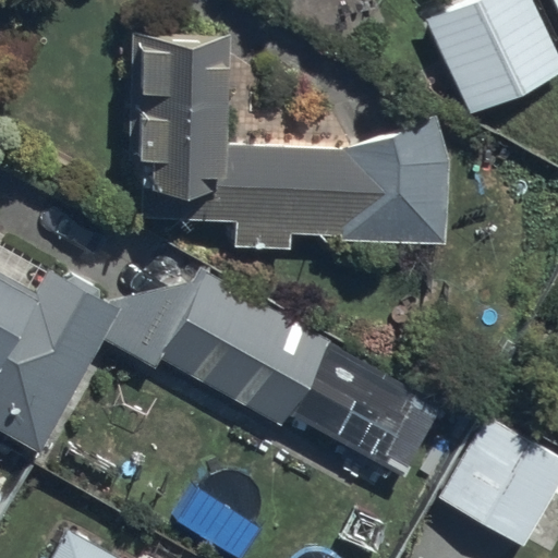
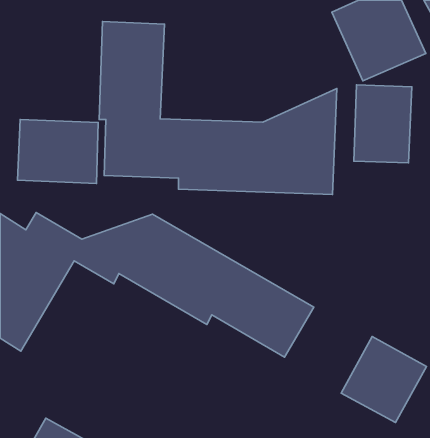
building: none -> [354,85,412,163]
building: none -> [18,120,98,183]

